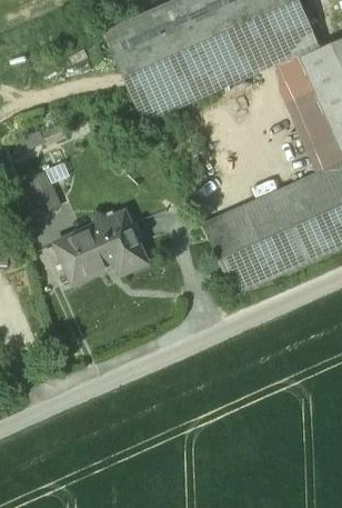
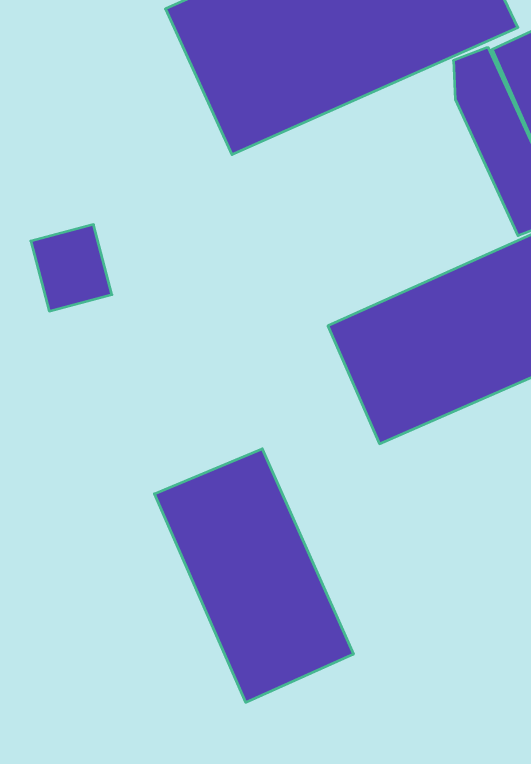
building: [52,210,147,282] -> none
building: none -> [154,449,353,702]

